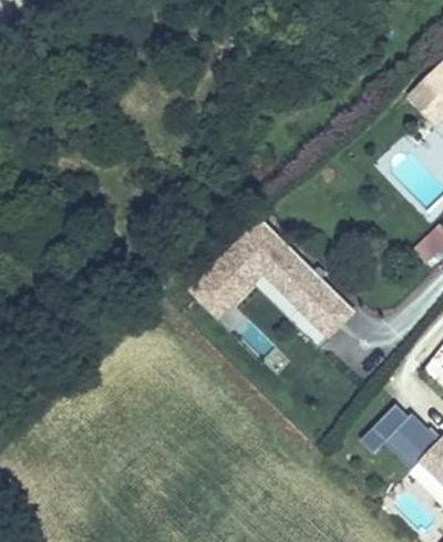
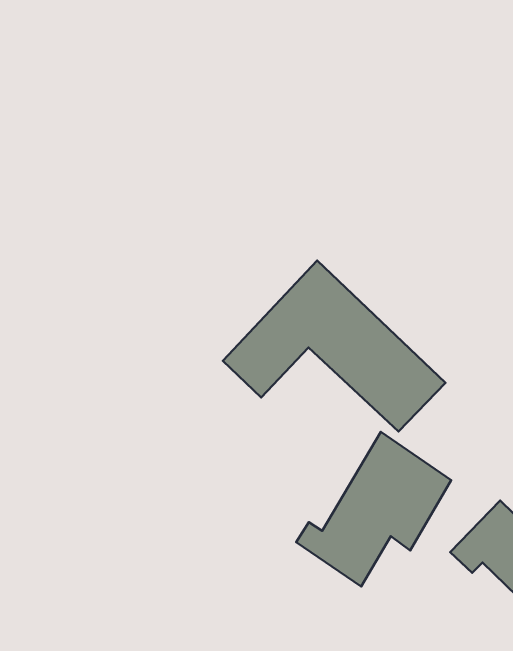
building: none -> [296,432,451,587]

